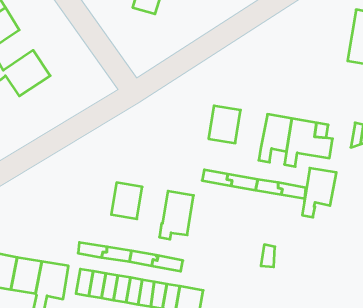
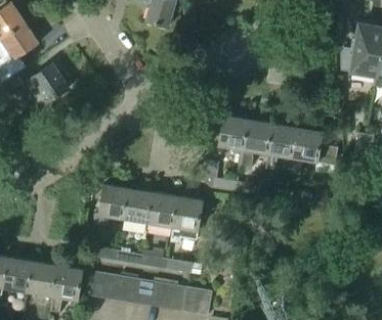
building: [302,168,336,217] -> [242,120,274,167]
building: none -> [94,184,130,226]
building: none -> [150,193,179,228]

